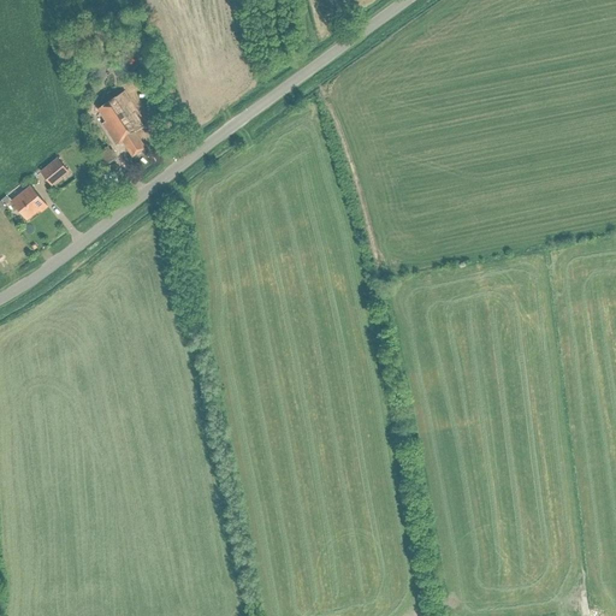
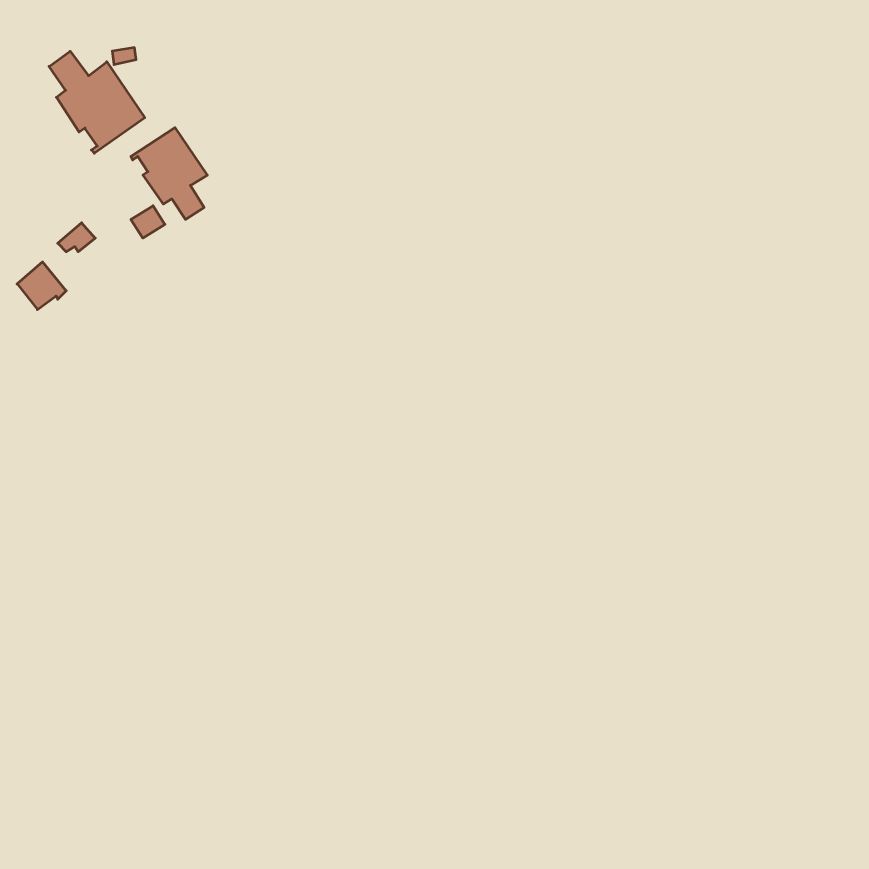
building: none -> [49,51,145,153]

